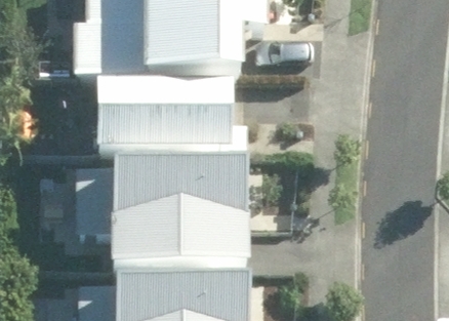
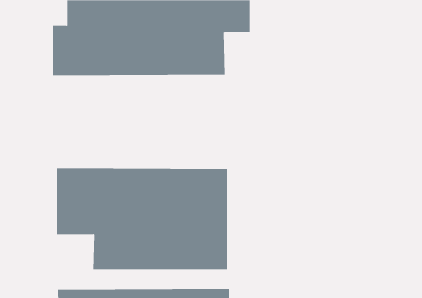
building: [96,86,235,157] -> none

